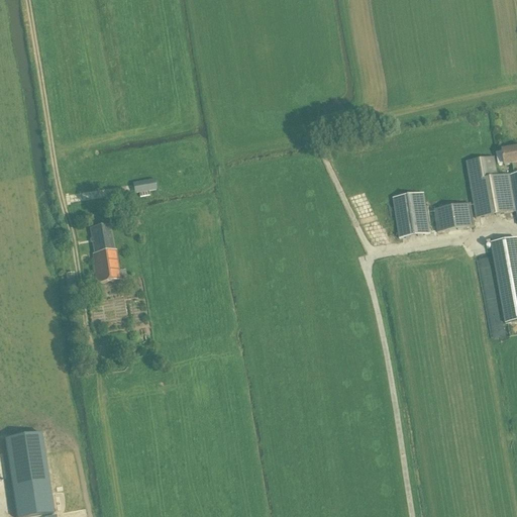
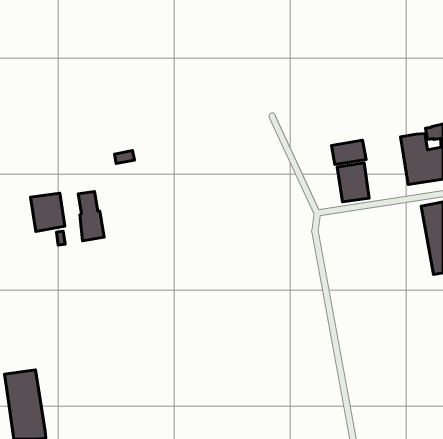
building: [433,201,474,229] -> [331,140,366,165]
building: none -> [30,193,65,231]

